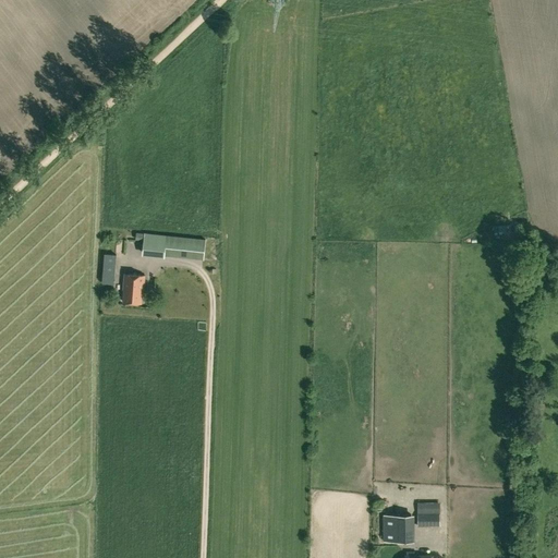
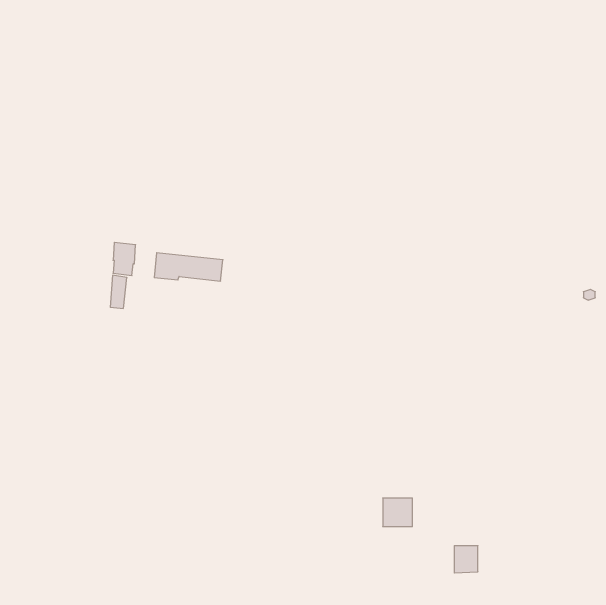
building: [123,274,144,304] -> [113,242,136,276]
building: [384,515,411,542] -> [383,498,412,527]

